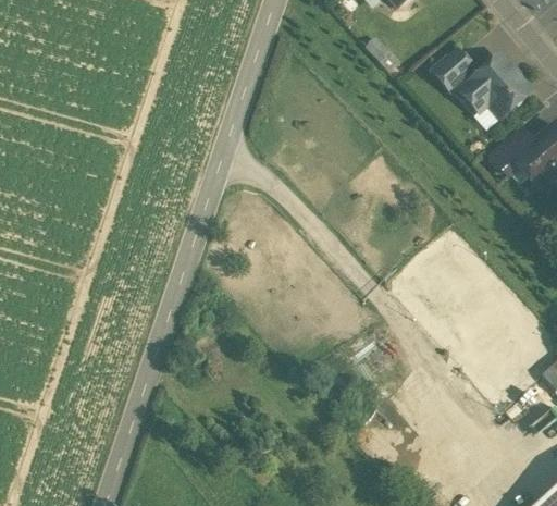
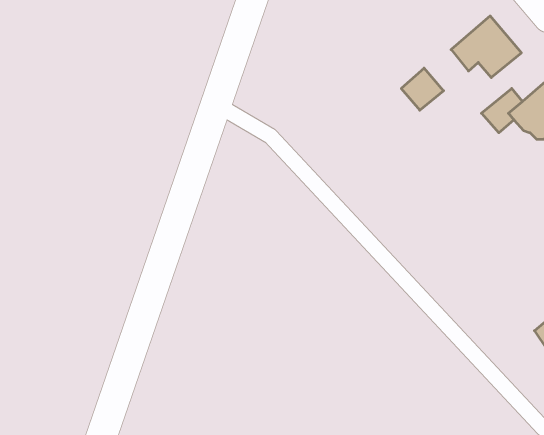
building: [433,51,475,94] -> [401,68,444,110]

